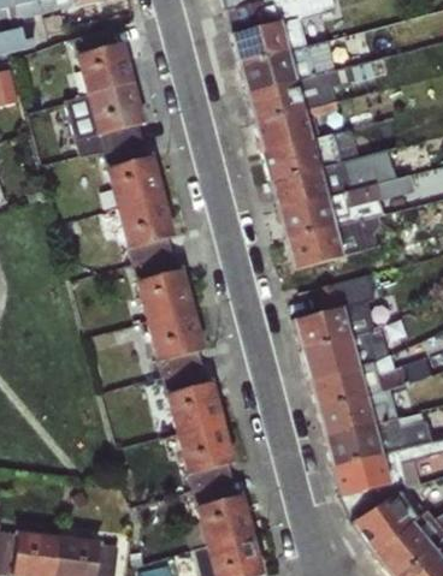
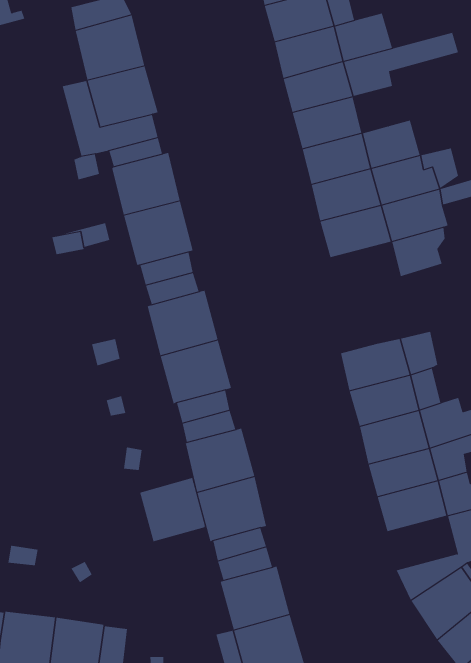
building: [287,227,344,269] -> none
building: [317,273,378,311] -> none
building: none -> [140,477,205,542]
building: [333,452,391,497] -> none

